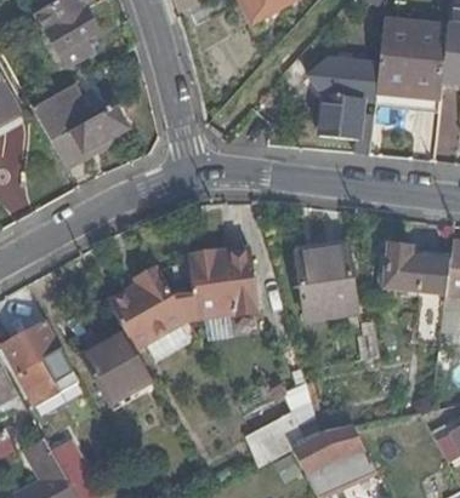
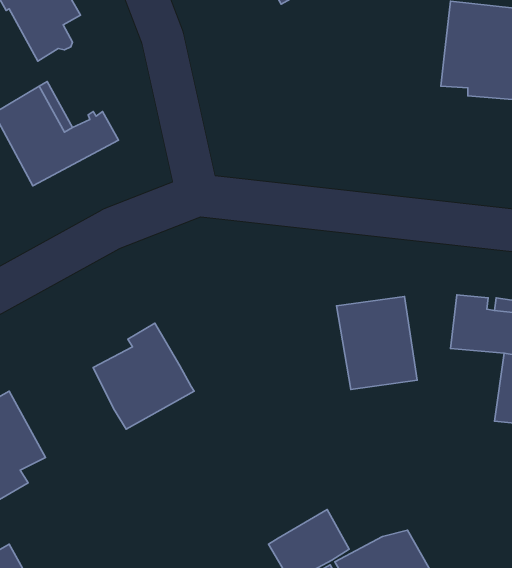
building: [302,56,377,153] -> none
building: [175,248,260,315] -> none
building: [81,332,151,403] -> none

